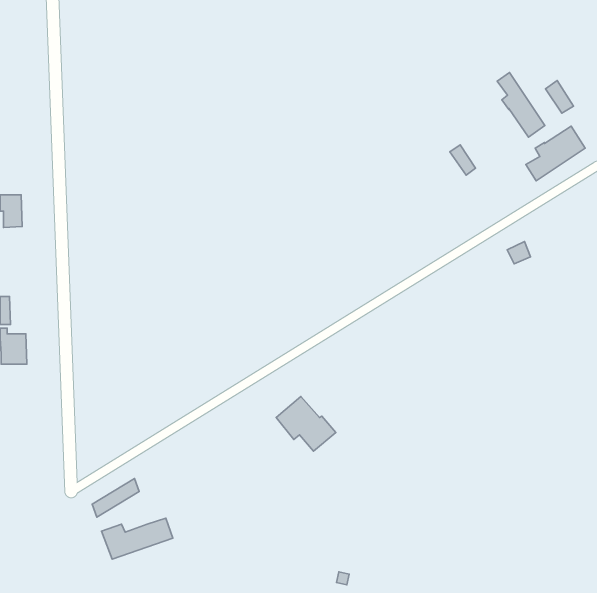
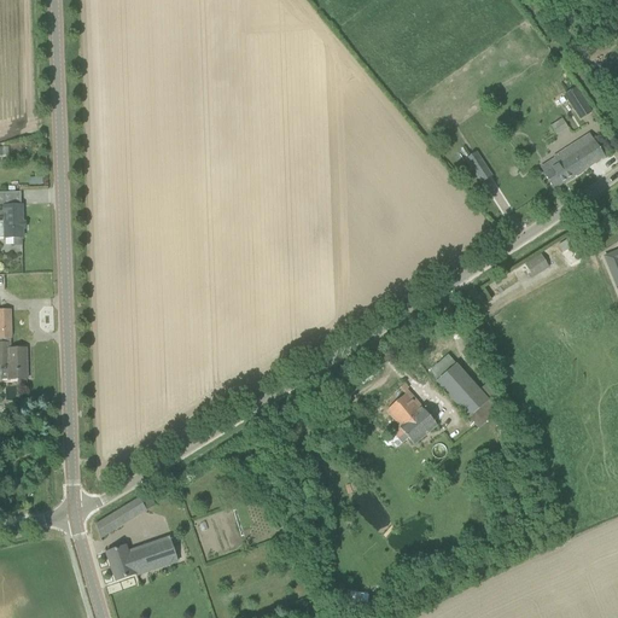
building: [497,73,545,137] -> none
building: none -> [436,361,489,415]
building: [276,396,336,451] -> [375,385,437,442]

